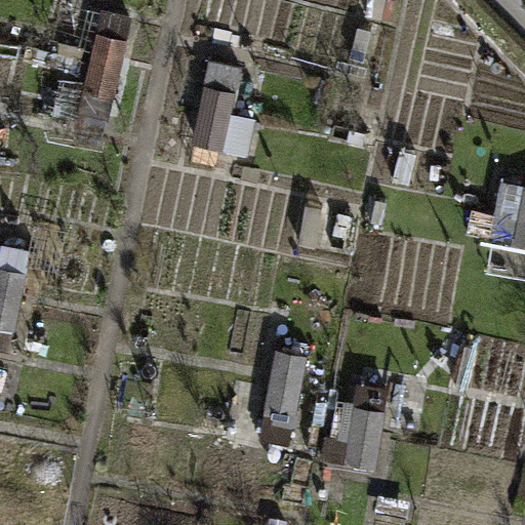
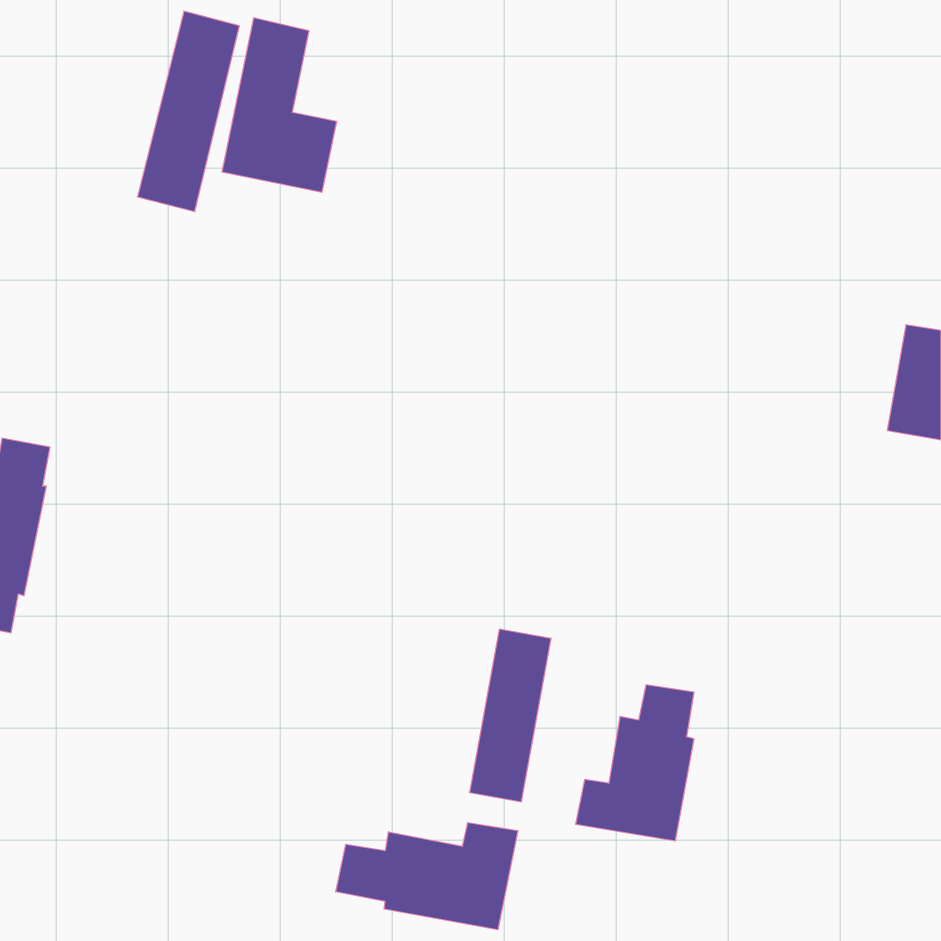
building: [191,60,254,157] -> [222,18,337,192]
building: none -> [336,822,518,930]

